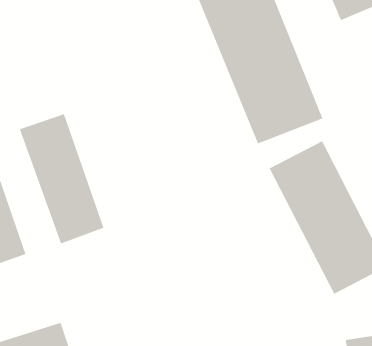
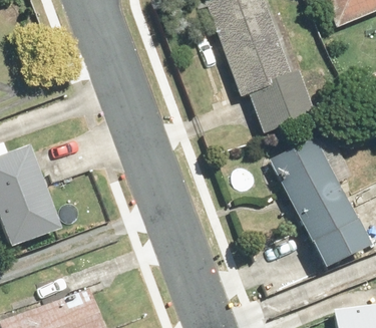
building: [19,113,105,244] -> none

